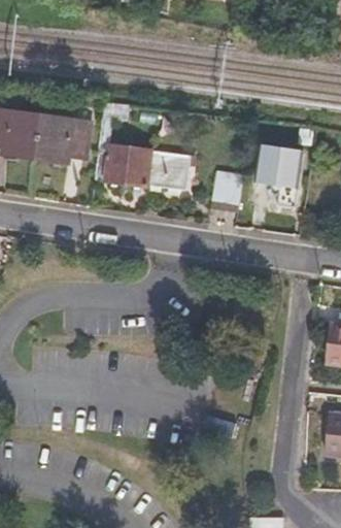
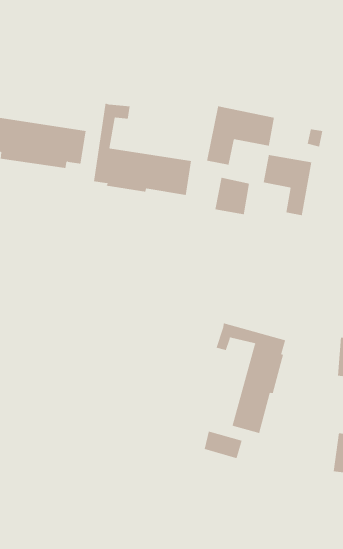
building: none -> [207,105,275,166]
building: none -> [216,322,286,434]

